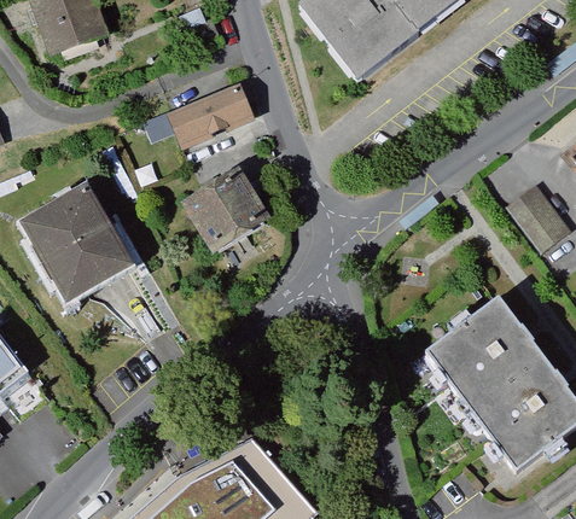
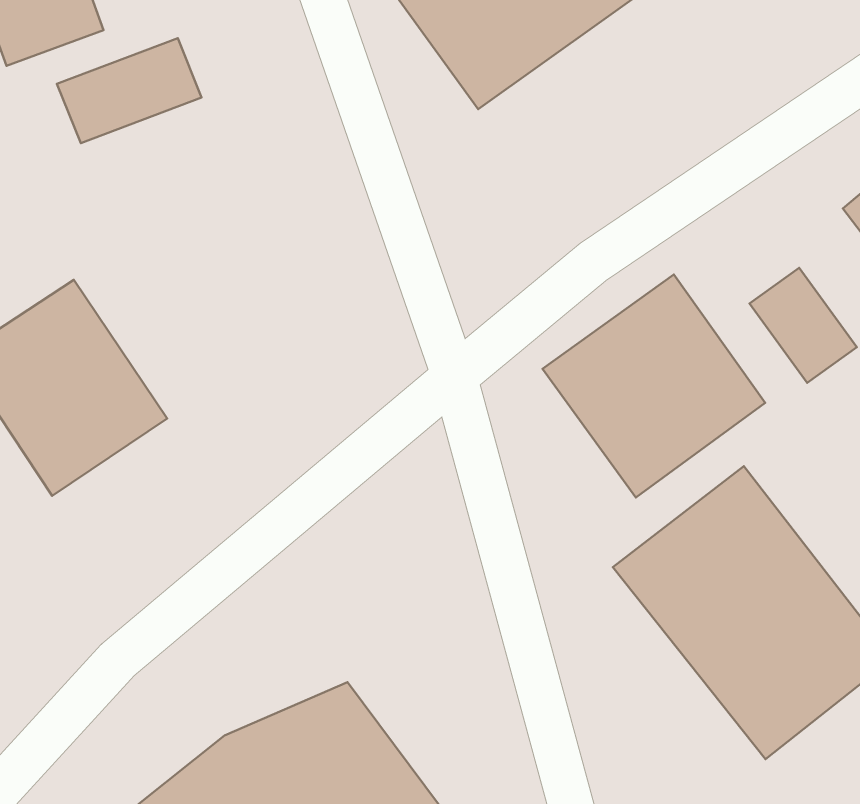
building: [165,80,254,144] -> [57,38,202,143]
building: [184,162,275,252] -> none
building: none -> [542,275,765,497]

